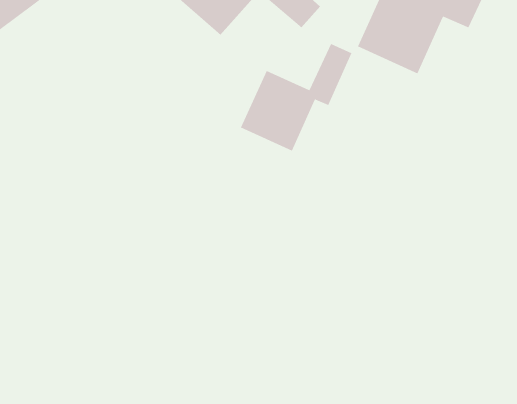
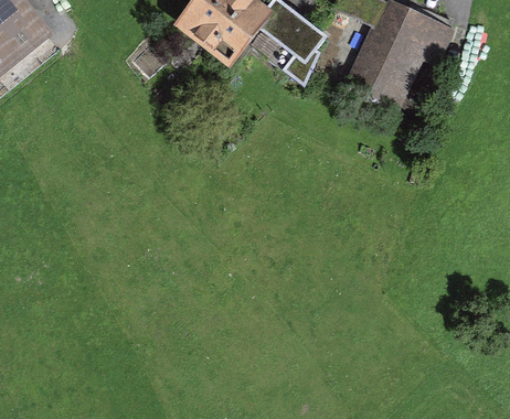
building: [240,43,352,151] -> none

